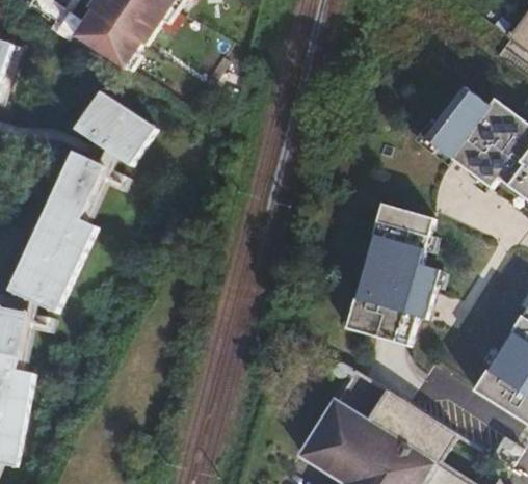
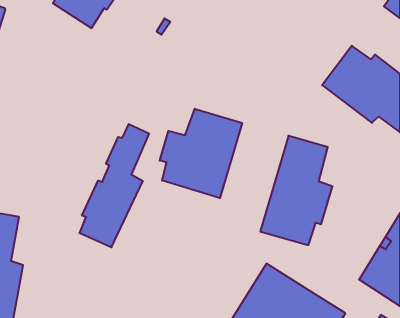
building: [84,87,159,161] -> none
building: [18,151,108,310] -> [79,124,149,247]
building: none -> [160,109,242,198]

